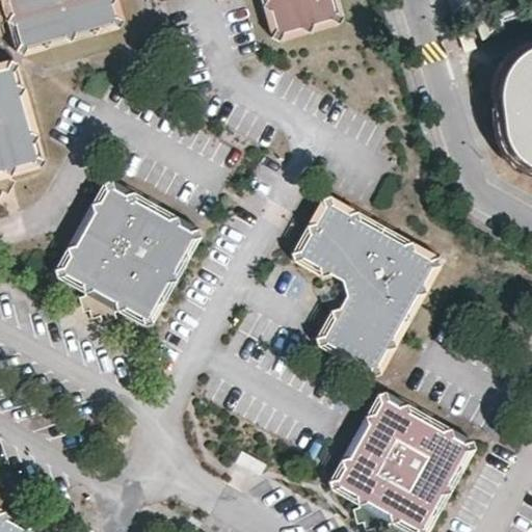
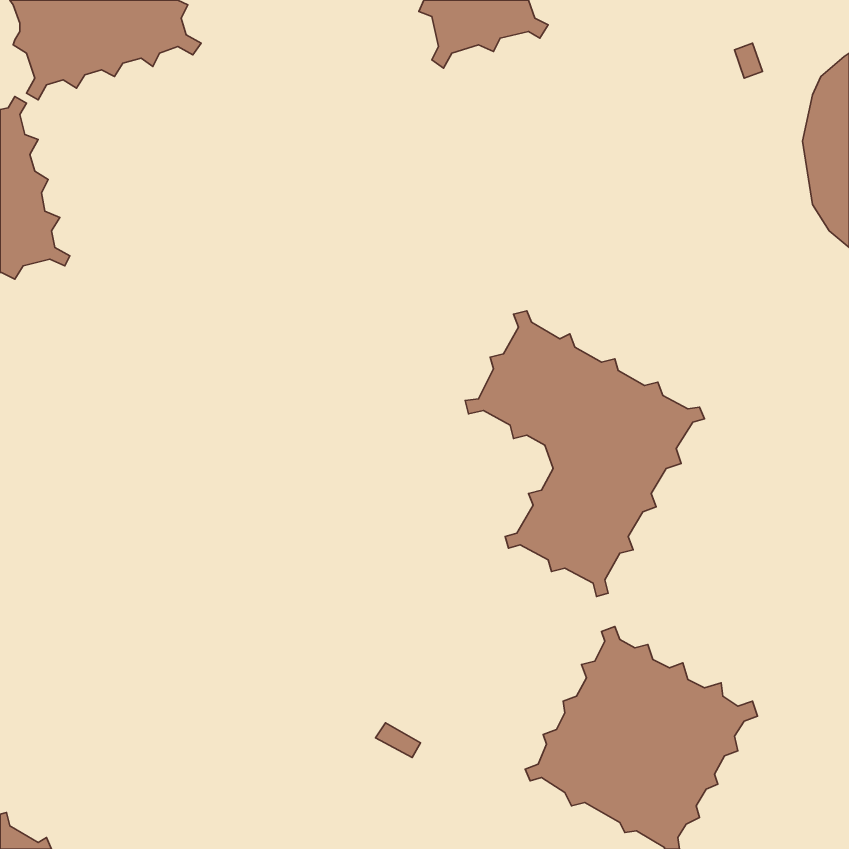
building: [52,180,200,325] -> none

